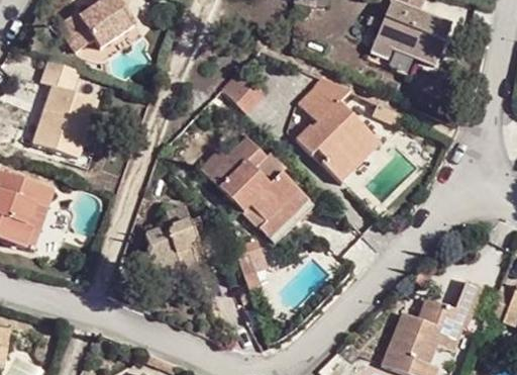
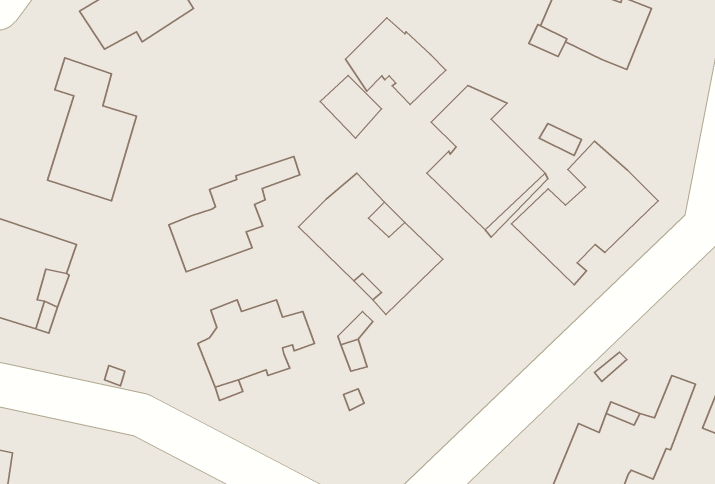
building: none -> [345,18,446,104]
building: none -> [511,141,658,285]
building: none -> [169,157,300,272]

